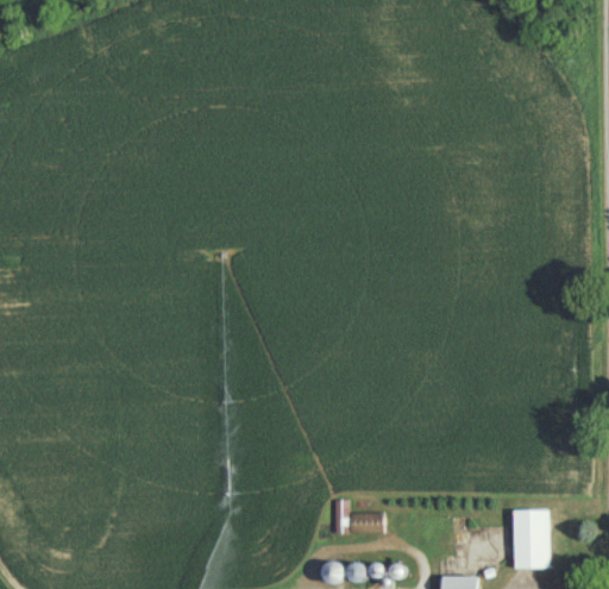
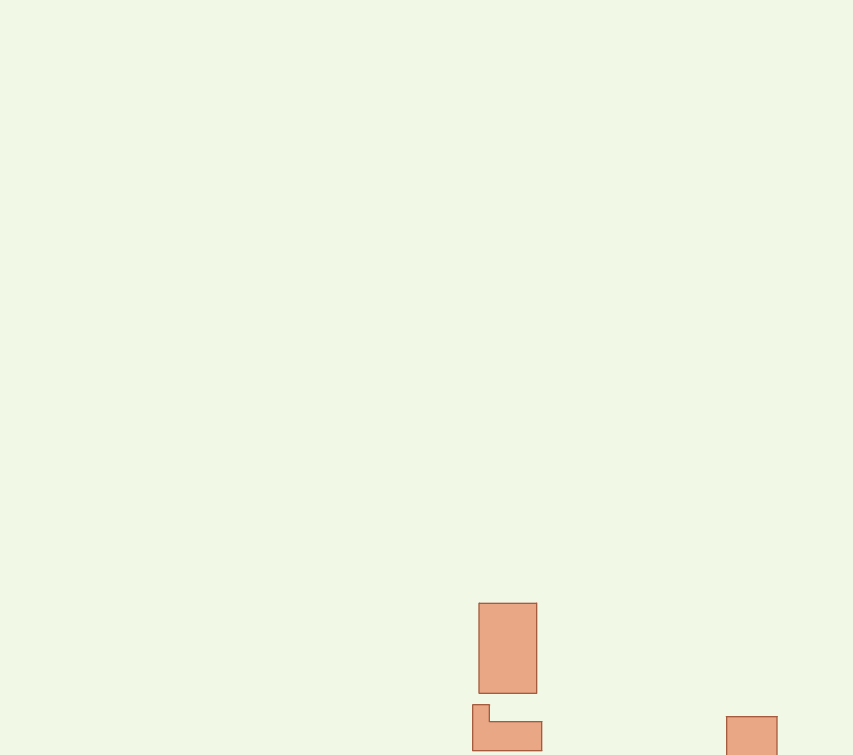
building: none -> [479,603,537,693]

